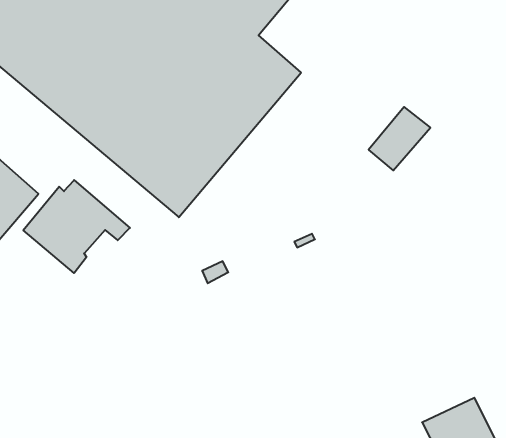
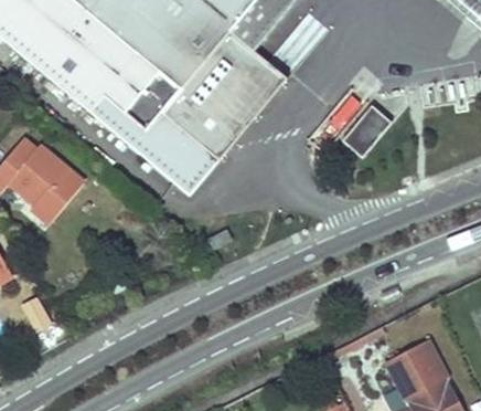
building: [23,180,130,273] -> none

